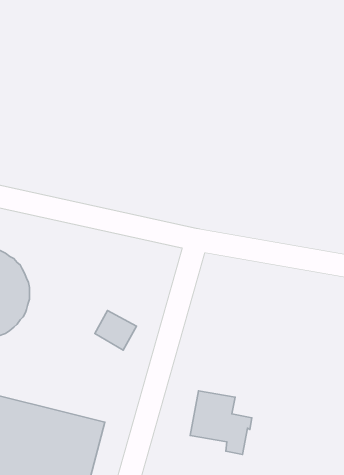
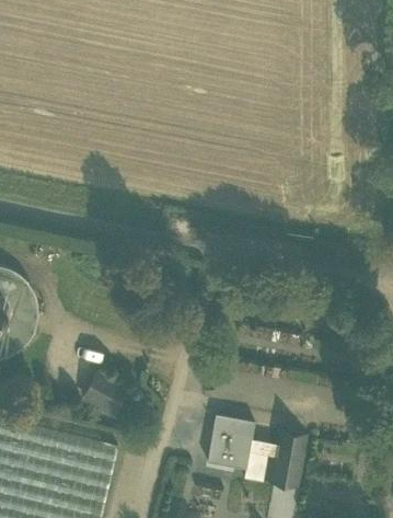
building: [95,310,137,350] -> [82,372,126,414]
building: none -> [263,429,309,488]

